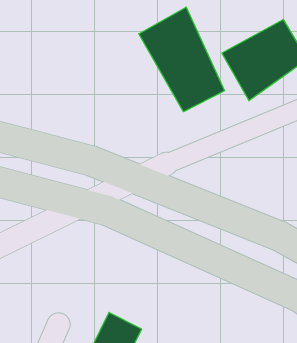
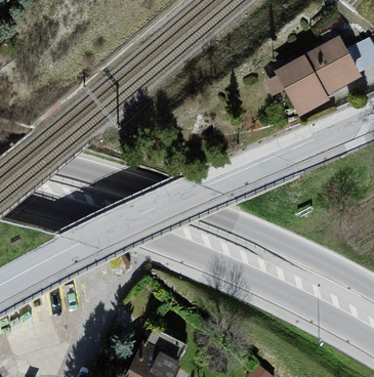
building: [139,7,225,112] -> none

